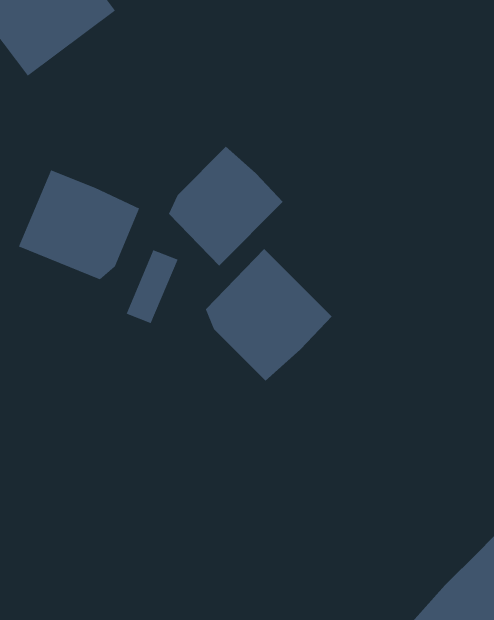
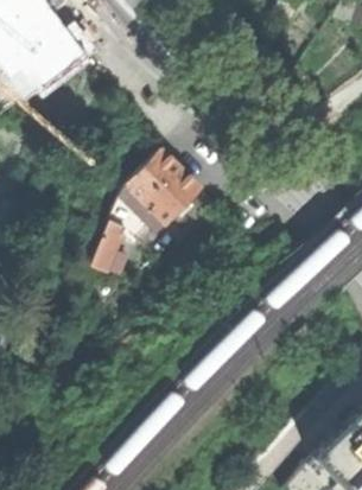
building: [18,170,140,280] -> none
building: [205,248,332,382] -> none

